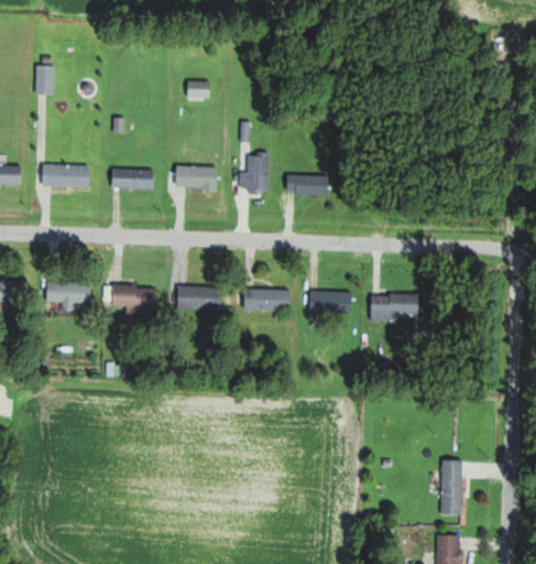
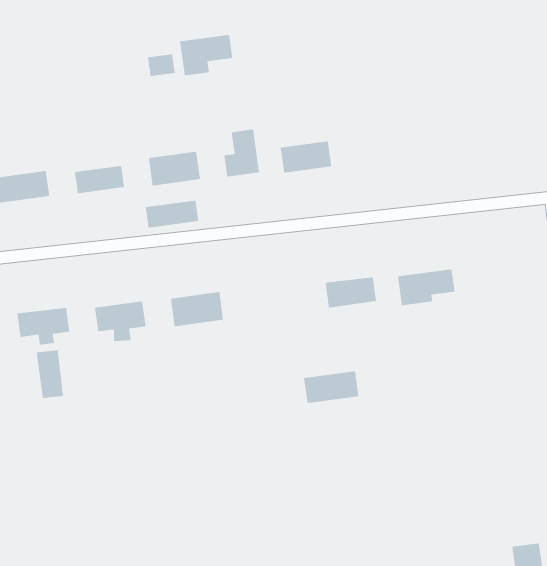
building: none -> [180,34,233,76]
building: none -> [145,200,199,228]
building: [244,290,289,312] -> [303,371,359,404]
building: none -> [36,349,64,399]
building: [441,462,462,517] -> none

